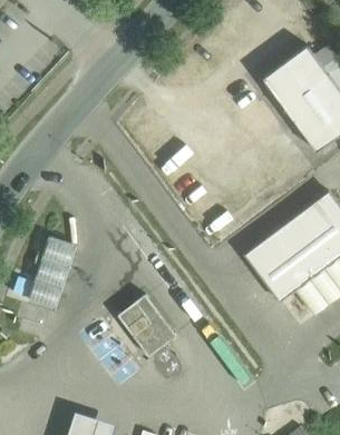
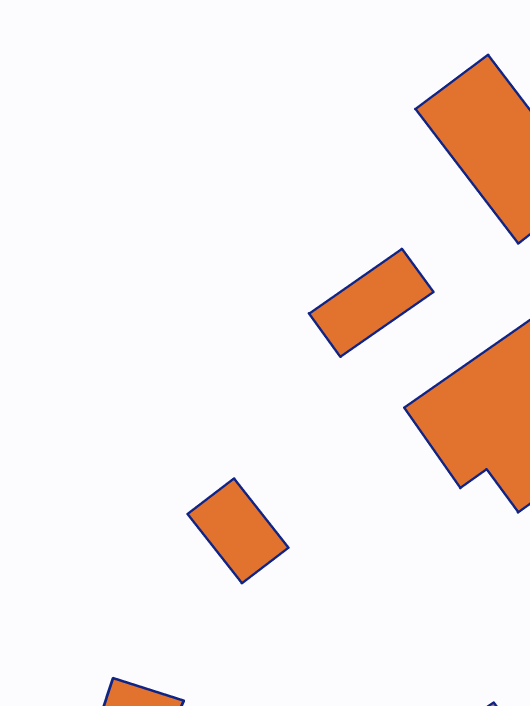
building: none -> [309,249,433,357]
building: [29,234,78,305] -> none

